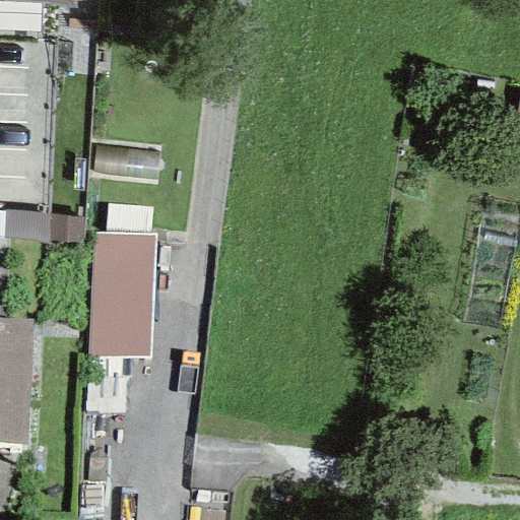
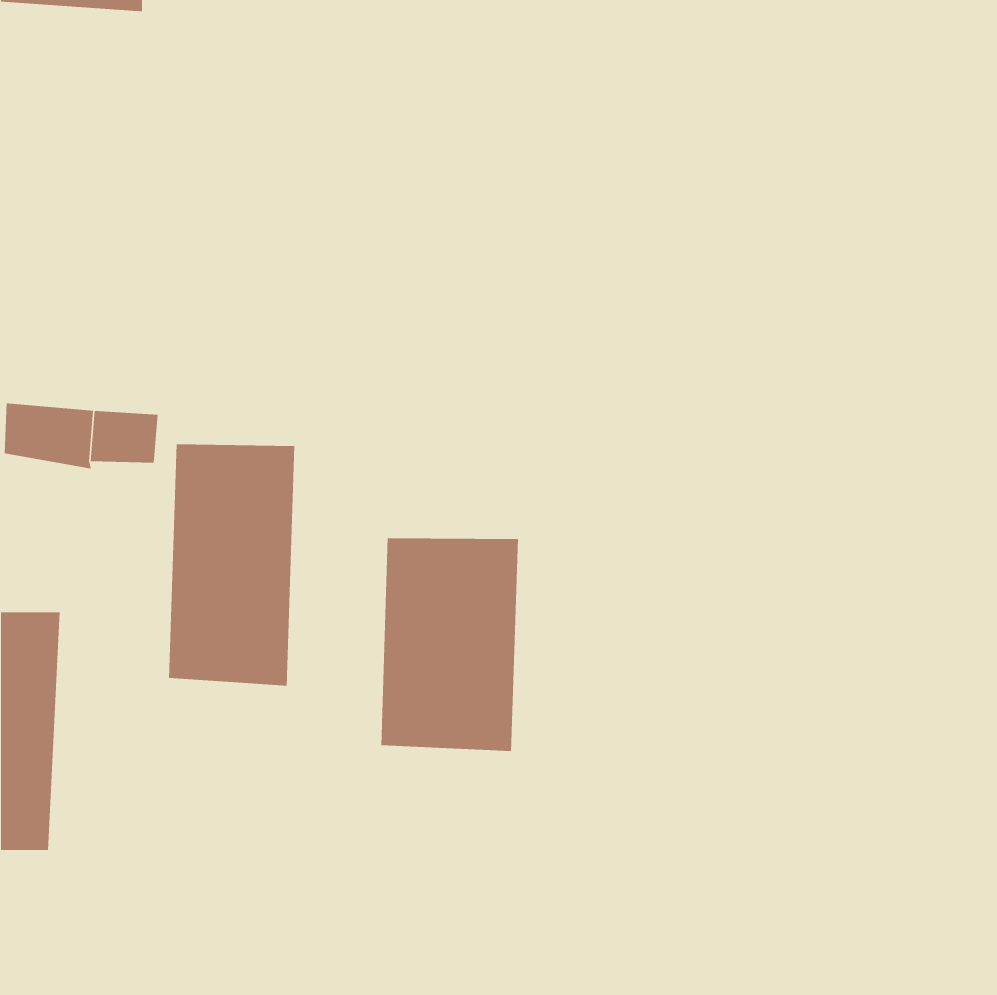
building: none -> [381,538,519,752]

